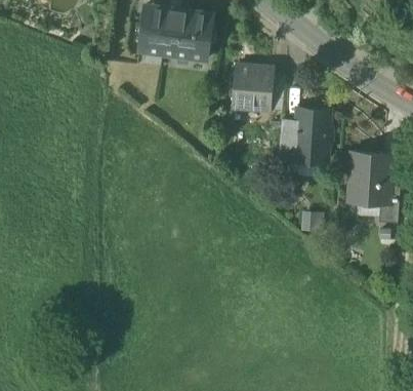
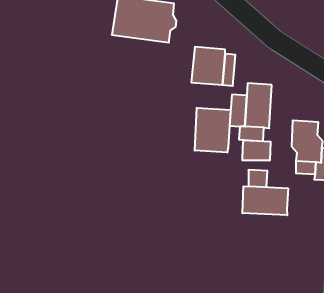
building: none -> [195,108,230,153]
building: none -> [242,140,271,161]
building: none -> [242,186,288,215]

